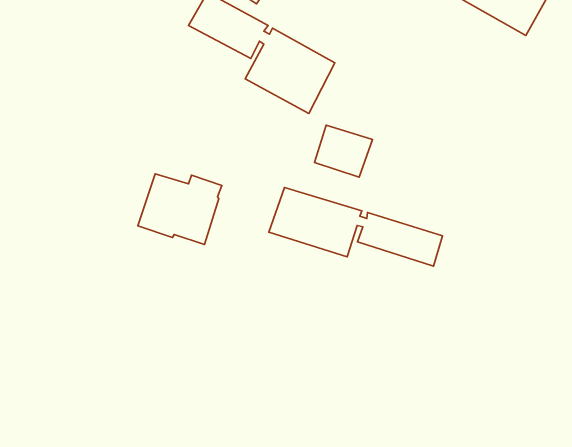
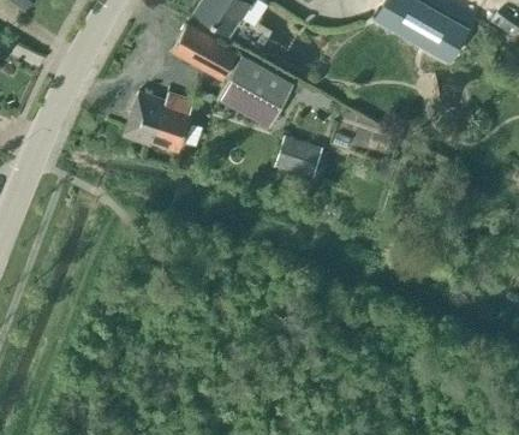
building: [138,174,222,245] -> [124,94,193,153]
building: [269,187,442,266] -> none

